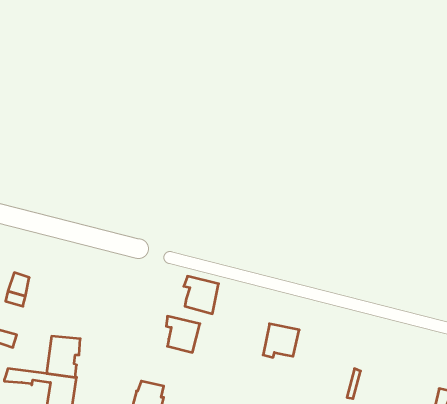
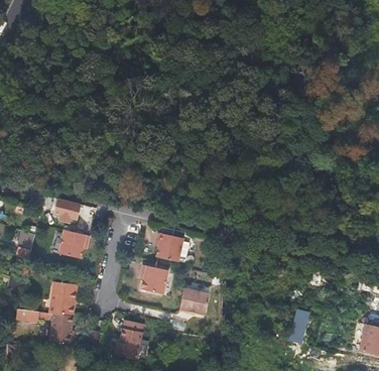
building: none -> [54,200,81,220]
building: none -> [59,231,90,258]
building: [263,324,299,357] -> [182,290,212,318]

